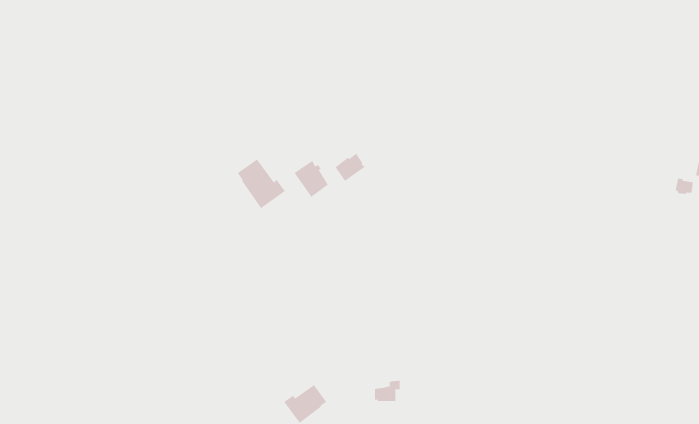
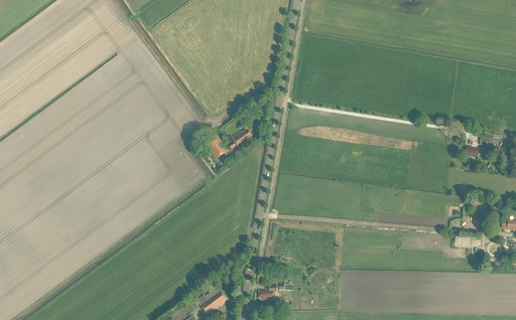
building: [237,159,286,209] -> none

